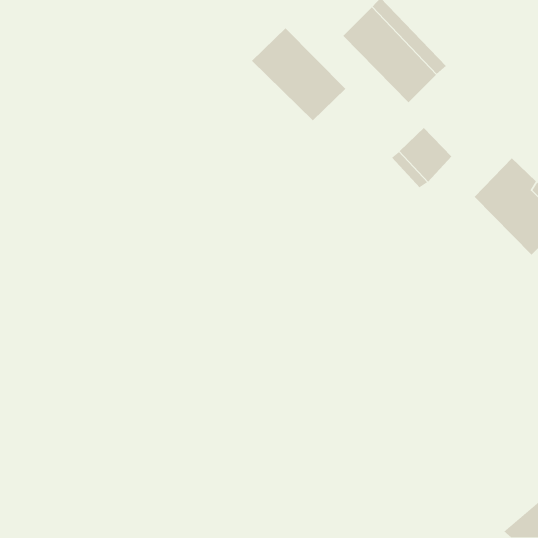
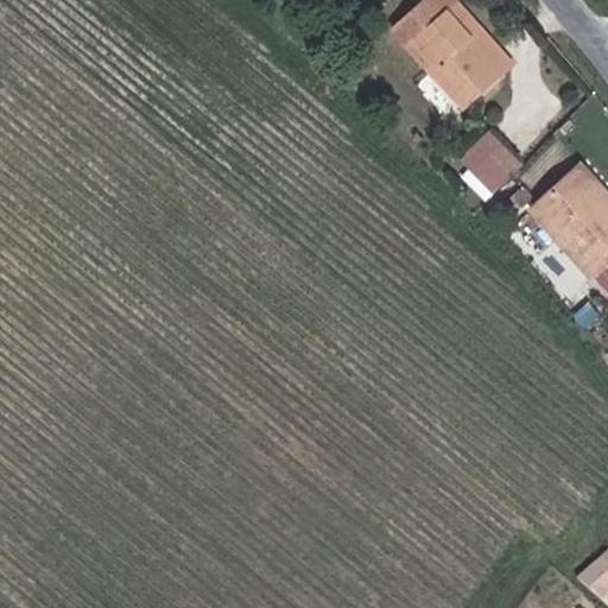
building: [251,27,346,121] -> none

